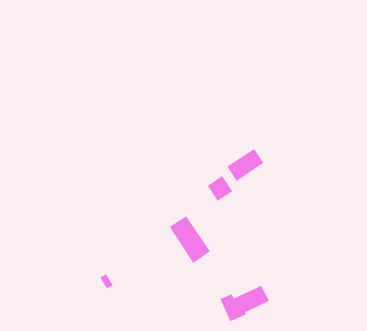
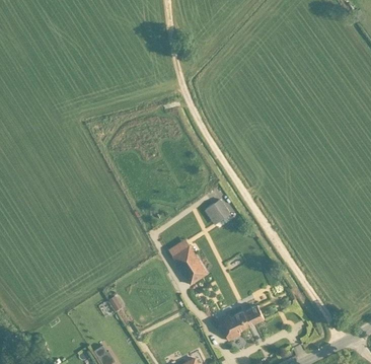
building: [226,148,264,182] -> none

